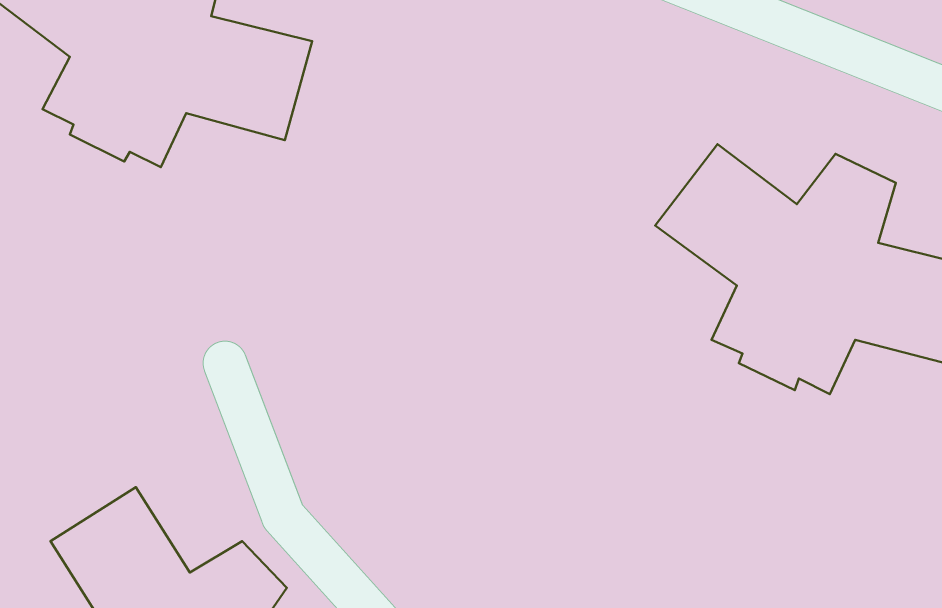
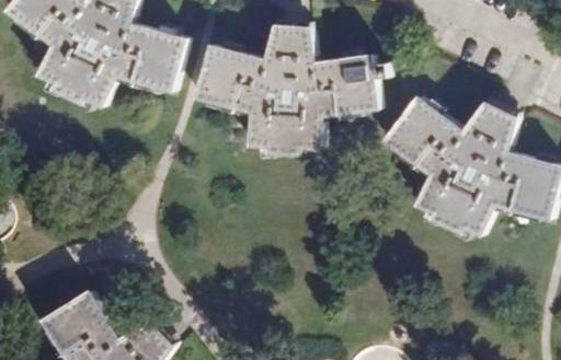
building: none -> [196,24,390,155]

